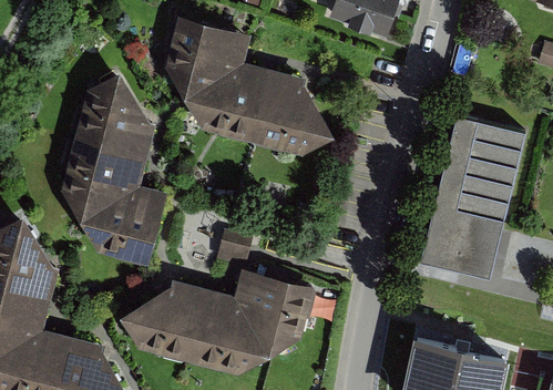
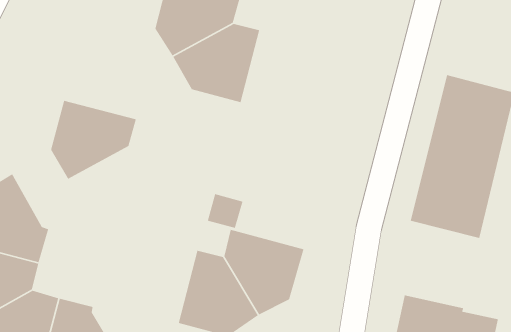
building: [74,68,156,157] -> none
building: [252,69,335,154] -> none
building: [79,185,167,265] -> none
building: [121,279,207,361] -> none

